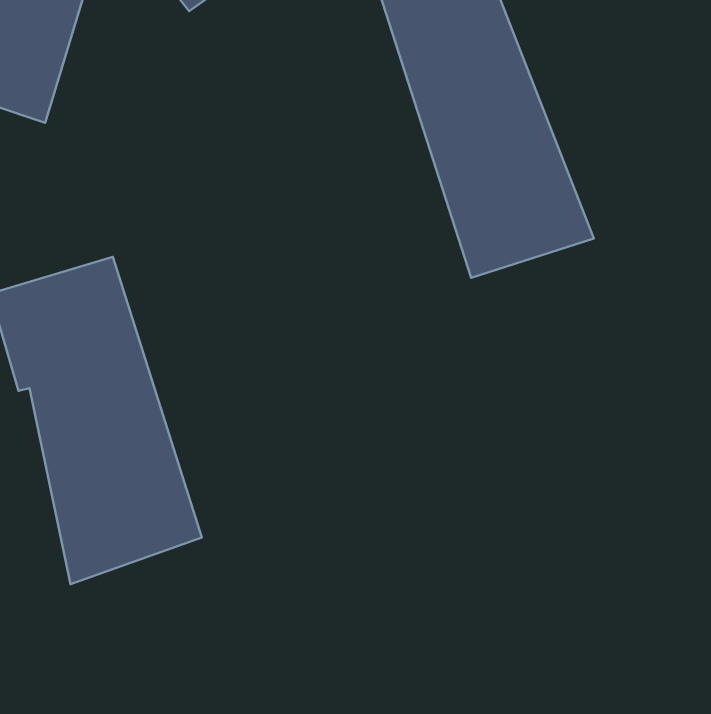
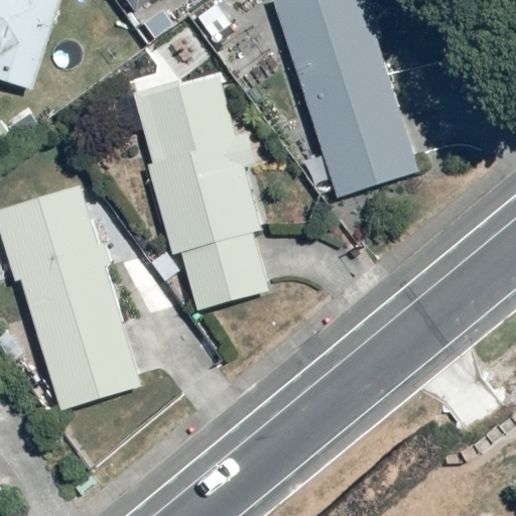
building: none -> [131,72,269,307]

